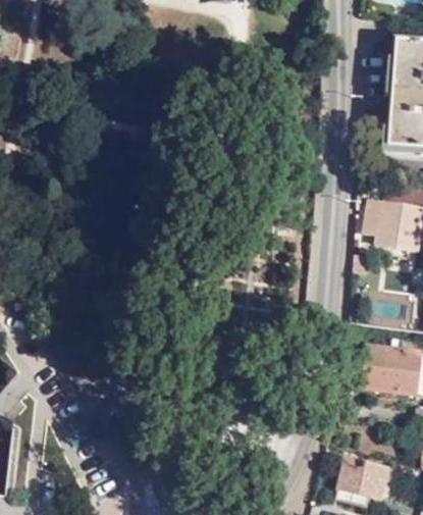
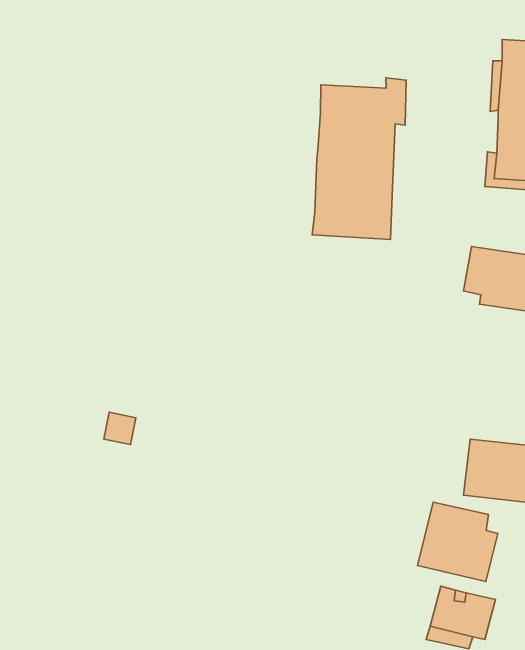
building: none -> [312,78,406,240]
building: none -> [417,502,498,582]

